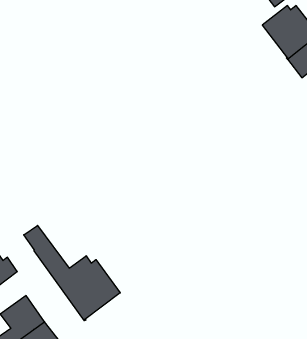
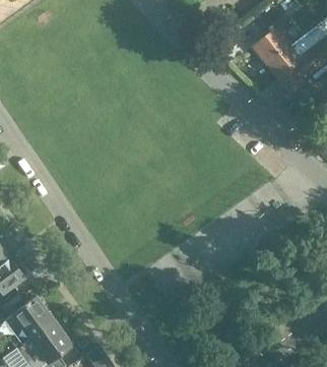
building: [24,225,120,321] -> none

